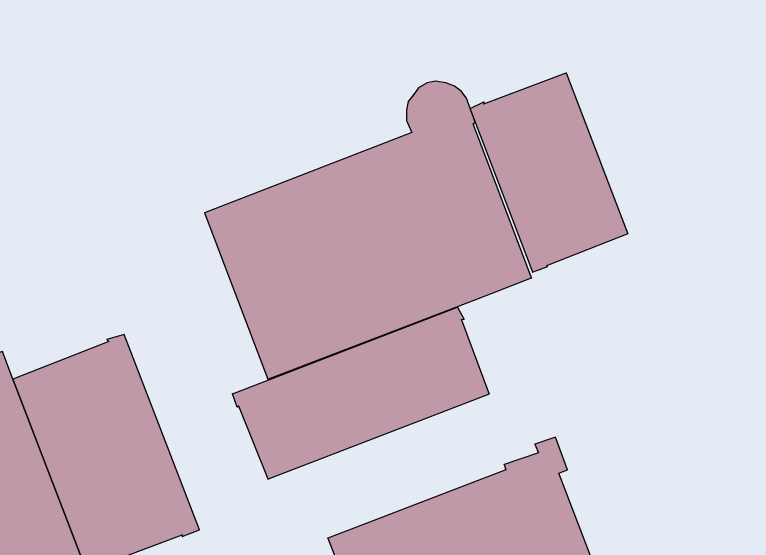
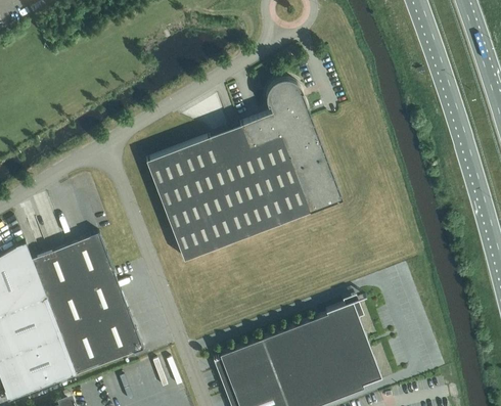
building: [470,73,628,272] -> none
building: [232,307,489,479] -> none

